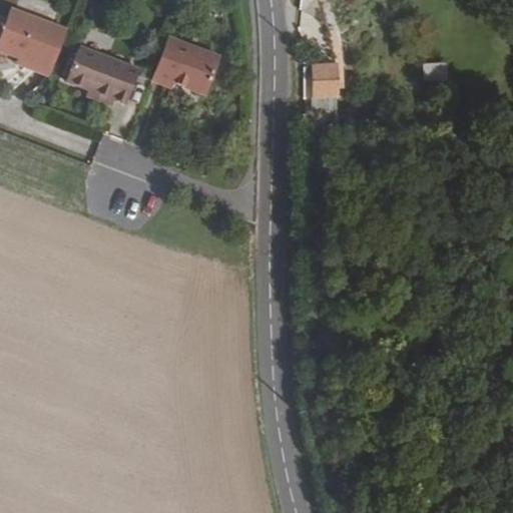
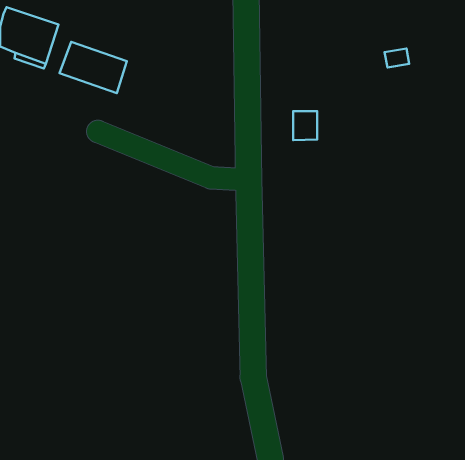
building: [150,37,219,95] -> none
building: [311,66,337,98] -> [293,111,317,140]

